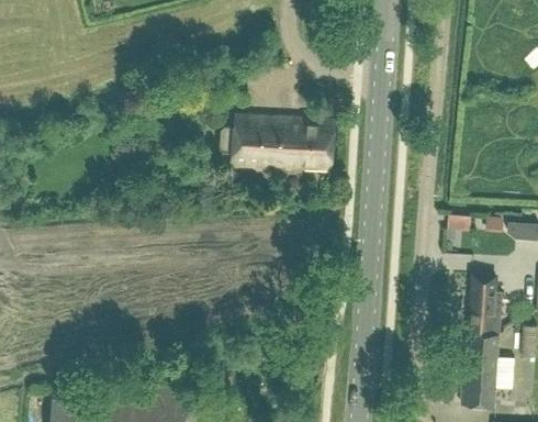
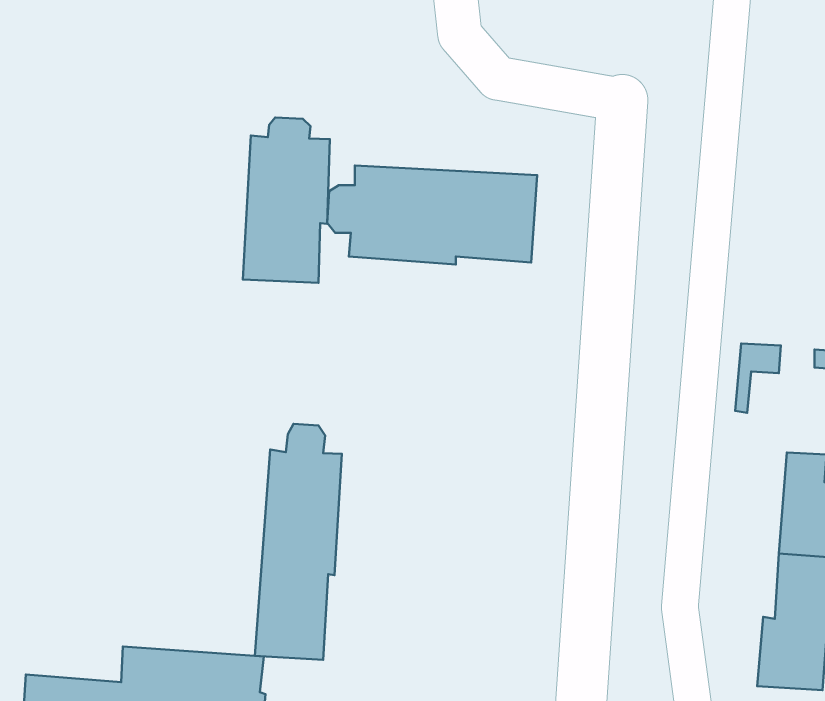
building: none -> [243,118,330,283]
building: none -> [255,424,342,660]

